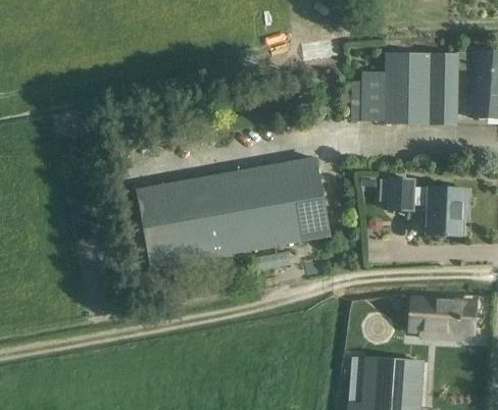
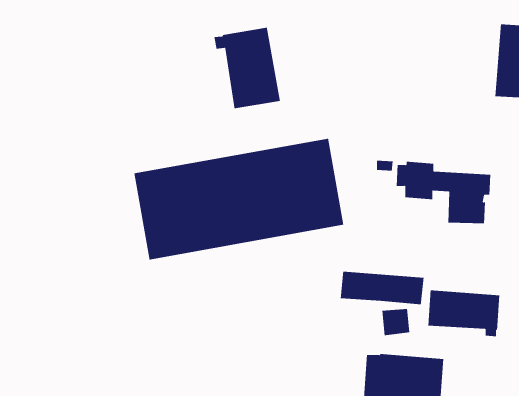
building: [351,51,459,124] -> none
building: none -> [214,27,281,109]
building: none -> [340,271,424,305]

